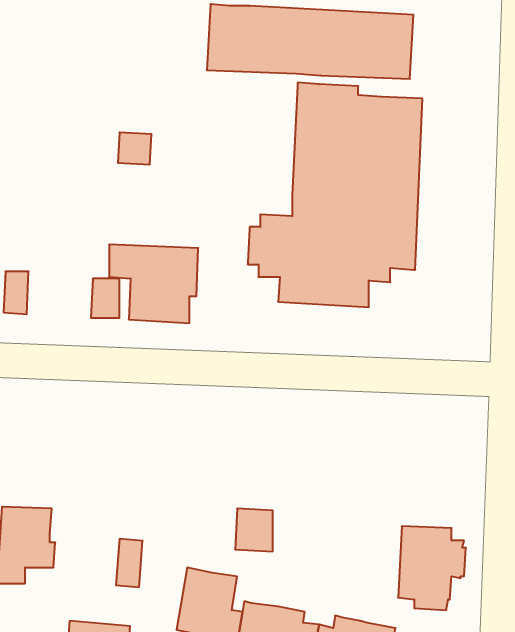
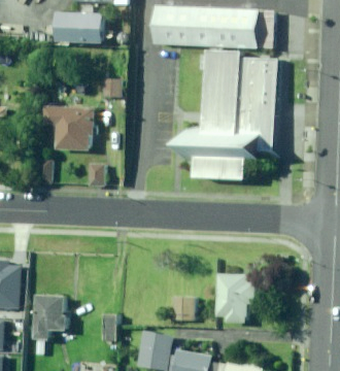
building: none -> [57,13,105,43]
building: [109,245,198,323] -> [44,105,96,150]
building: [398,526,466,610] -> [217,274,257,323]

